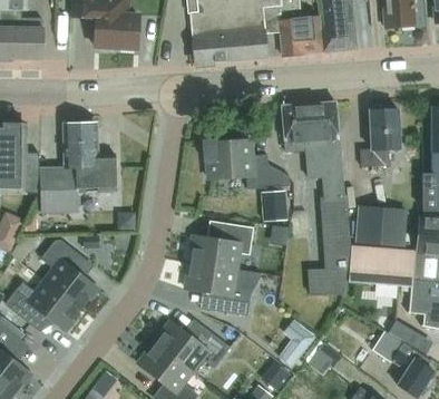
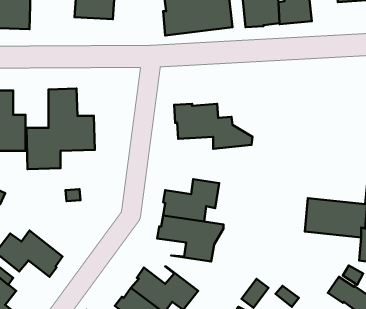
building: [282,103,350,296] -> none
building: [360,109,400,167] -> none
building: [261,189,289,221] -> none
building: [359,206,407,246] -> none
building: [41,241,98,310] -> none

